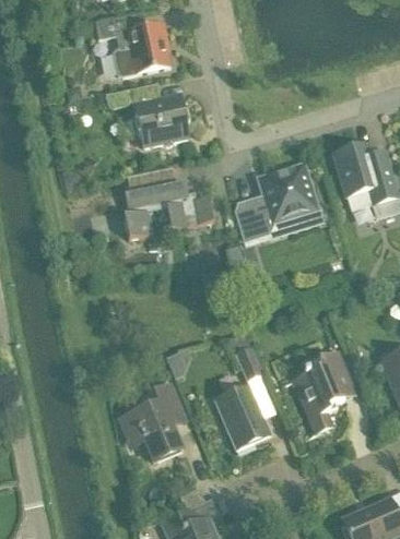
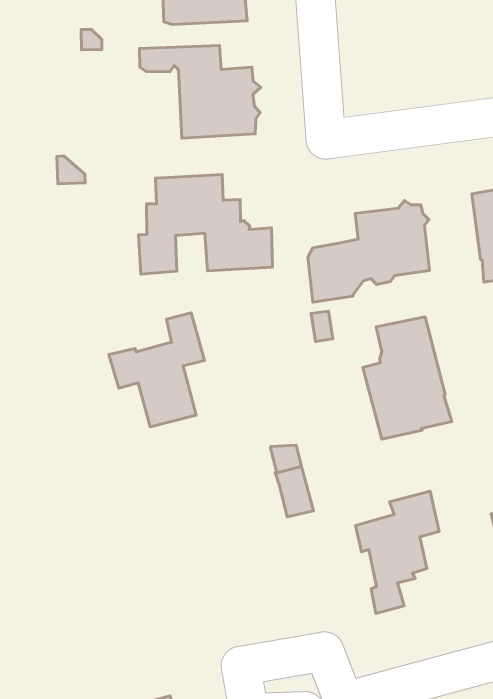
building: none -> [363,317,452,439]
building: [119,383,181,460] -> [109,313,204,427]
building: [213,383,271,450] -> none

